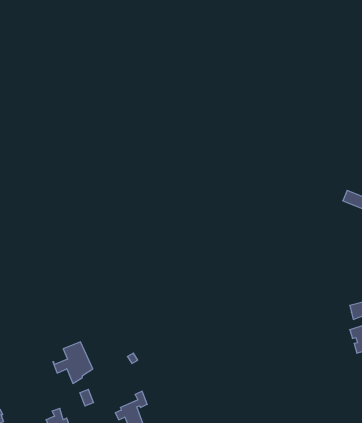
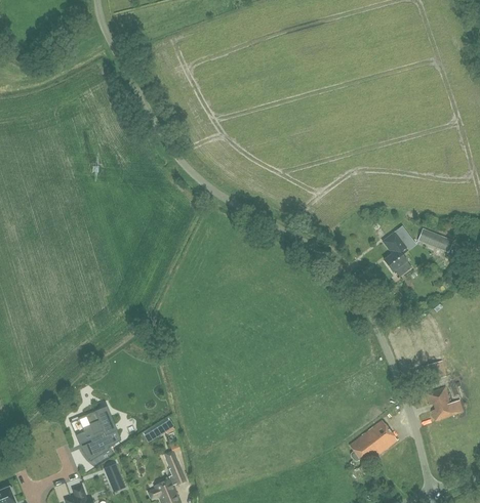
building: none -> [383,226,408,270]
building: none -> [355,425,402,460]

